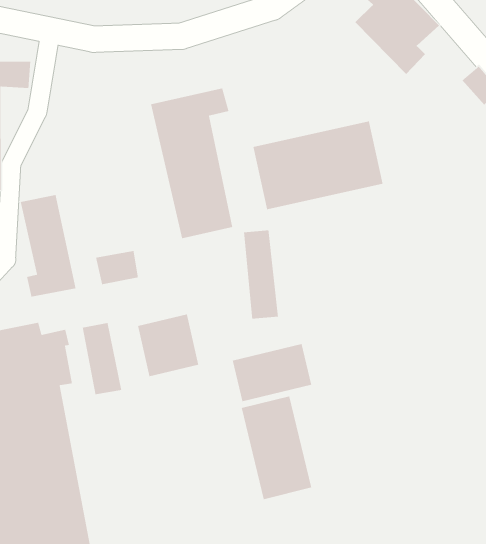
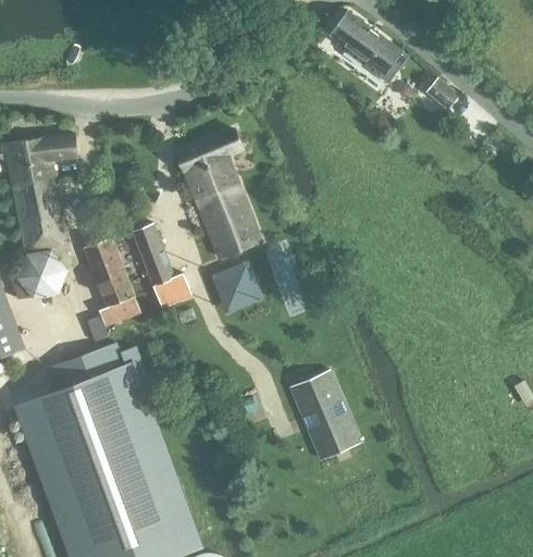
building: [253,120,383,210] -> none
building: [137,314,199,377] -> [211,257,266,313]
building: [82,322,122,395] -> [133,224,174,285]
building: [232,343,312,402] -> none

